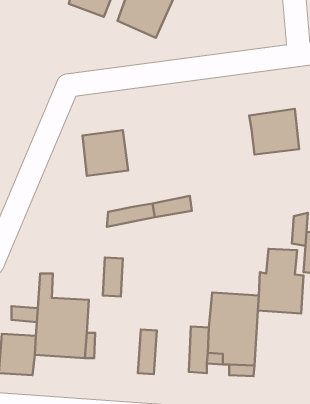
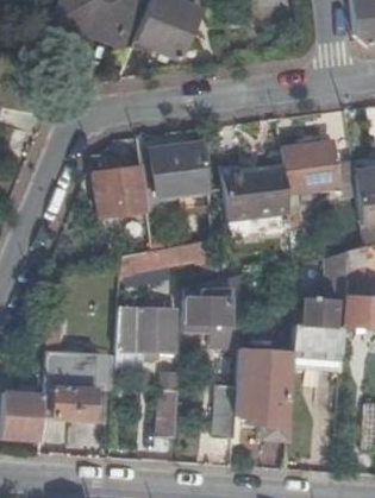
building: none -> [142,143,210,208]
building: none -> [221,163,289,218]
building: none -> [183,276,244,343]
building: none -> [137,308,175,352]

